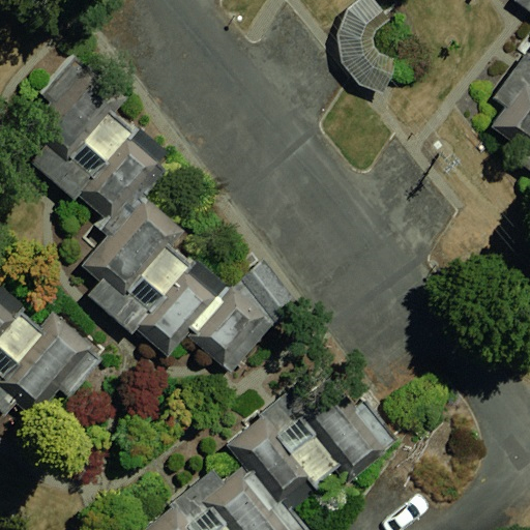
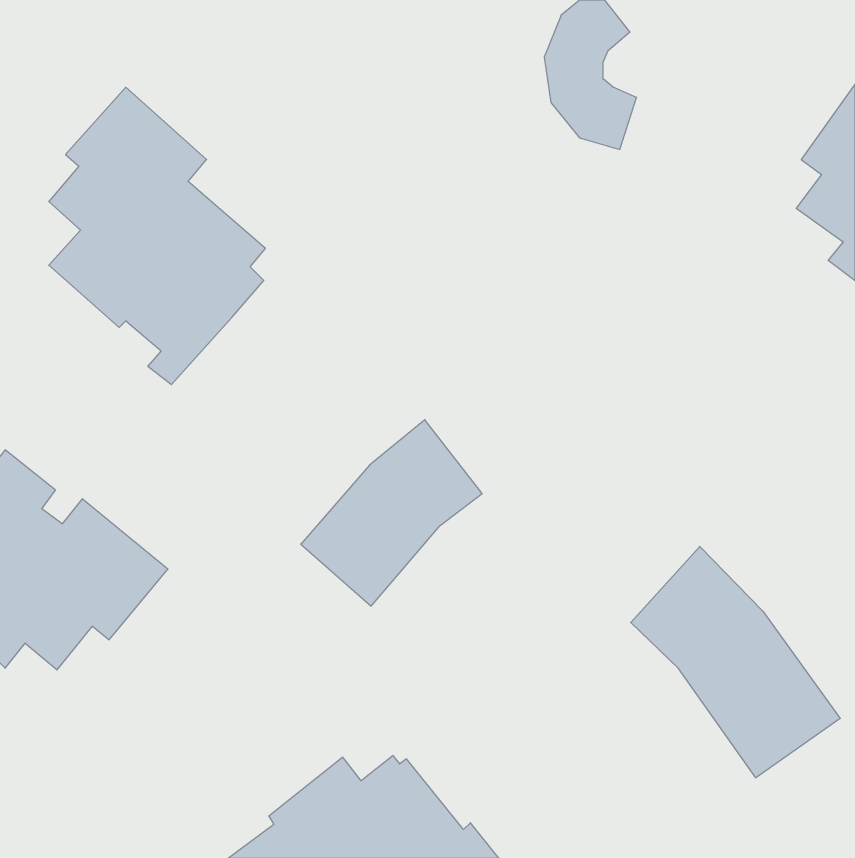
building: [80,196,228,357] -> none
building: none -> [631,546,840,778]
building: [226,387,393,511] -> none

